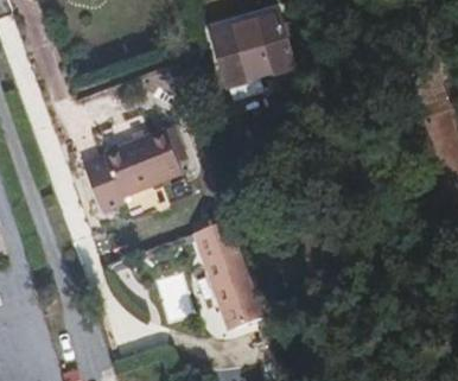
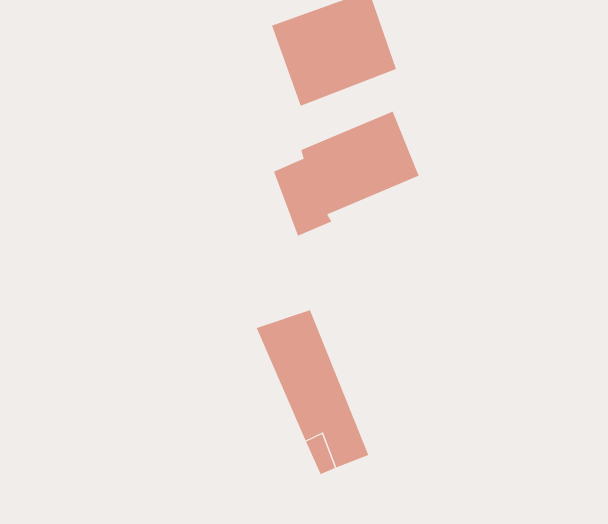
building: [76,128,172,207] -> [273,111,419,236]

